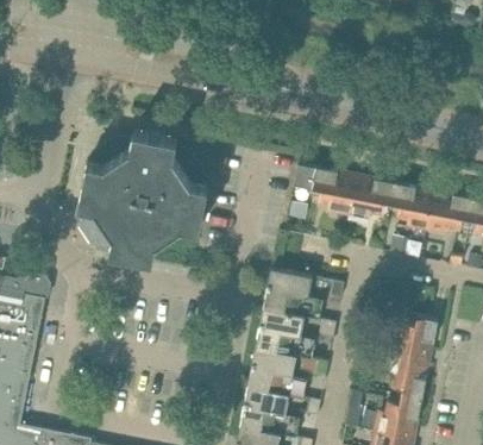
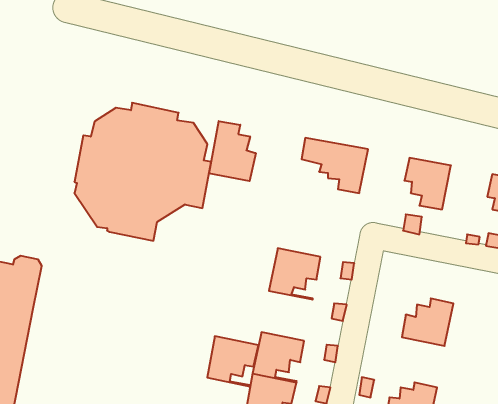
building: none -> [209,121,256,181]
building: [349,175,396,220] -> none
building: [427,190,475,237] -> none
building: [256,309,305,357] -> [207,336,259,386]
building: [384,353,429,401] -> none

